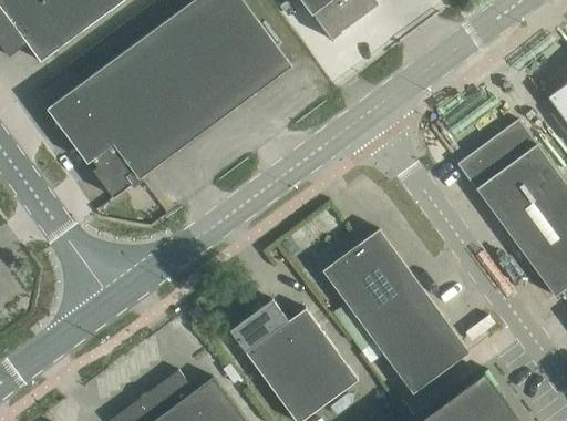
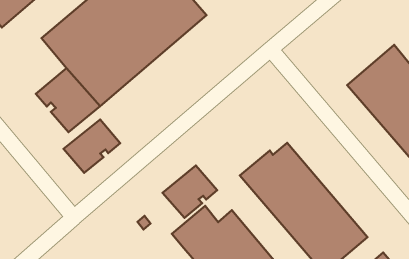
building: [49,79,116,146] -> none
building: none -> [63,119,120,173]
building: none -> [163,166,217,218]

